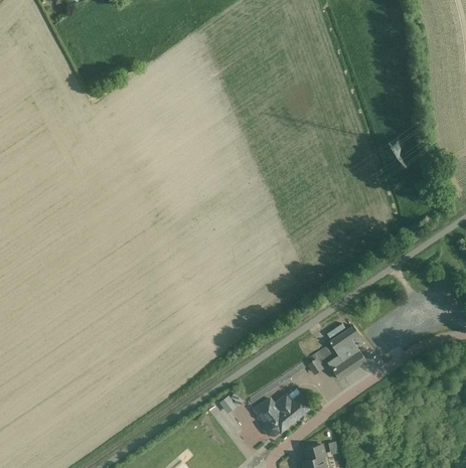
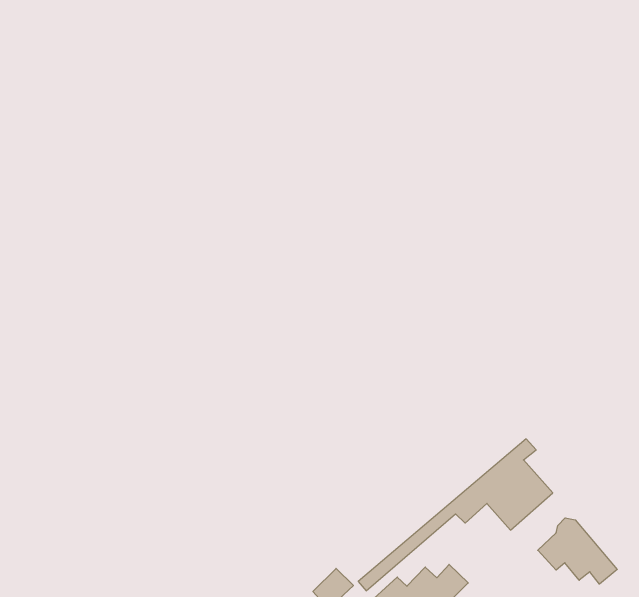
building: none -> [538,518,617,584]

